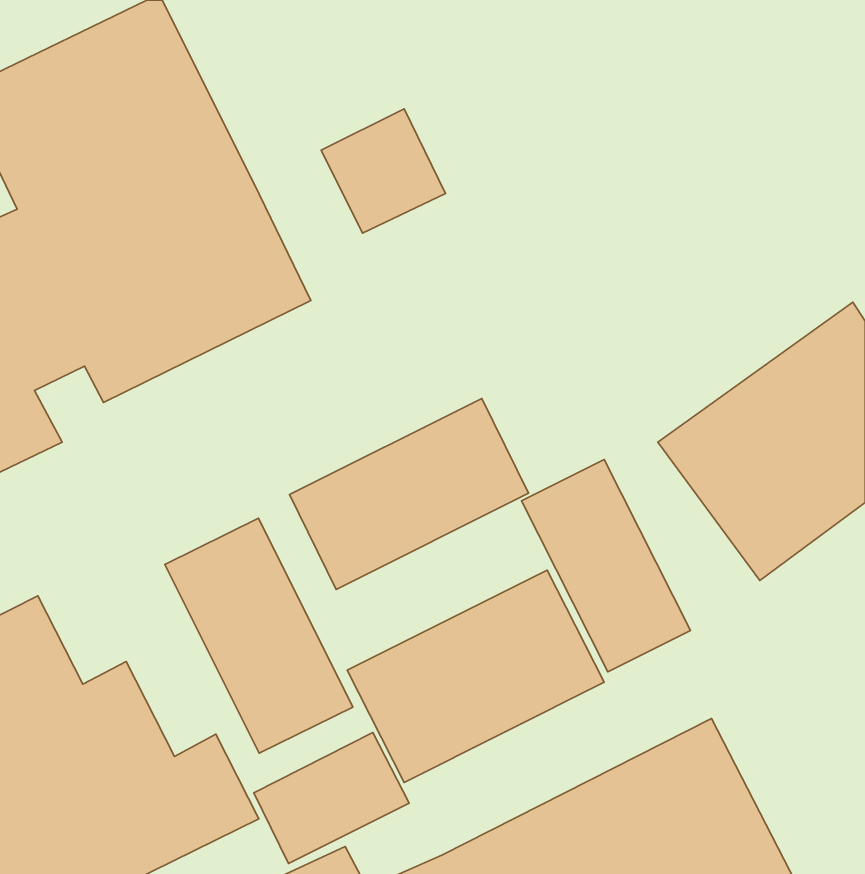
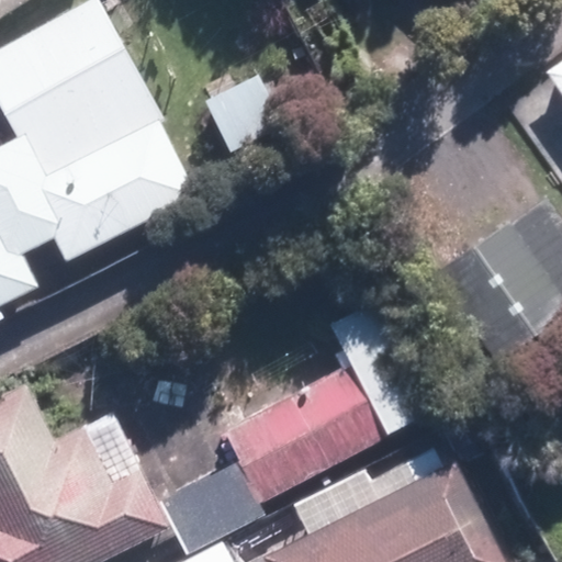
building: [290,398,528,589] -> none
building: [165,518,353,753] -> none

